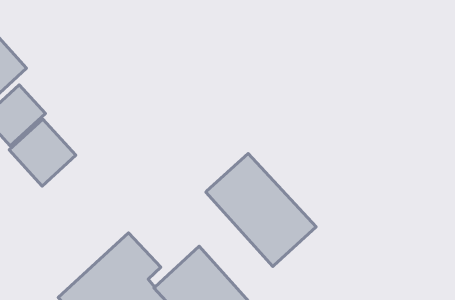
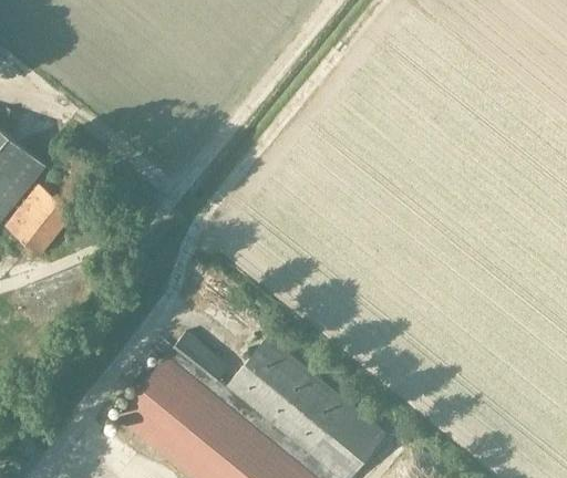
building: [9,119,76,186] -> none
building: [206,153,316,267] -> none

